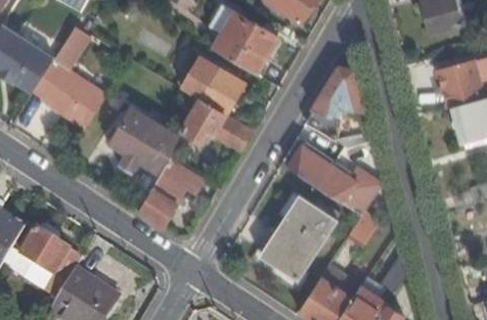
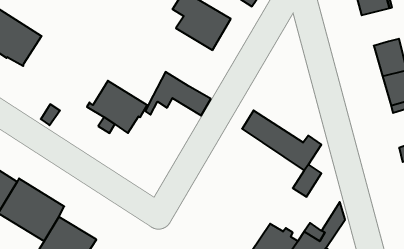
building: [34,26,107,128] -> none
building: [182,57,245,116] -> none
building: [306,65,366,140] -> none
building: [138,157,202,227] -> none
building: [260,192,338,283] -> none

